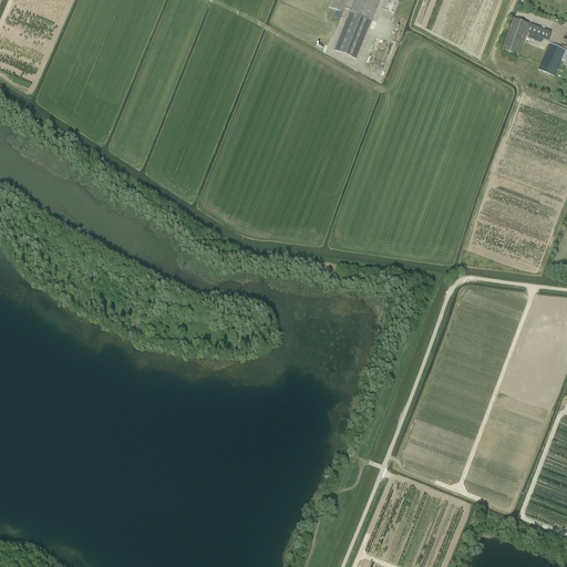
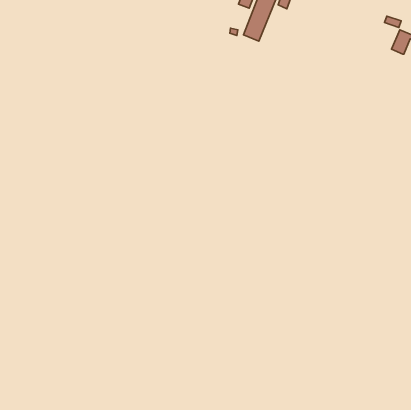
building: [503,16,530,53] -> none

